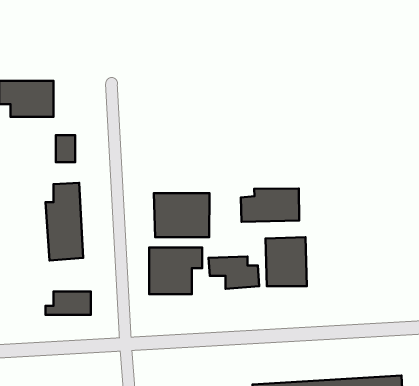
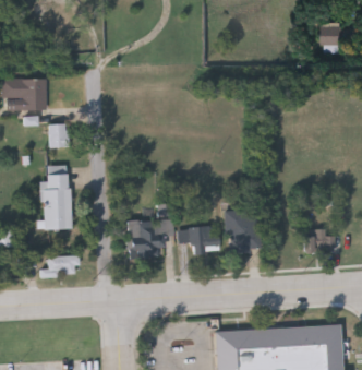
building: none -> [319,21,341,43]
building: [241,188,299,222] -> none
building: [154,193,210,237] -> none
building: none -> [305,228,335,251]

